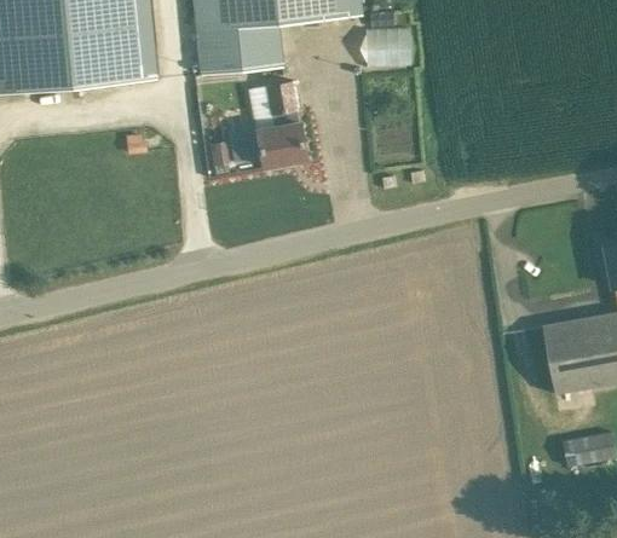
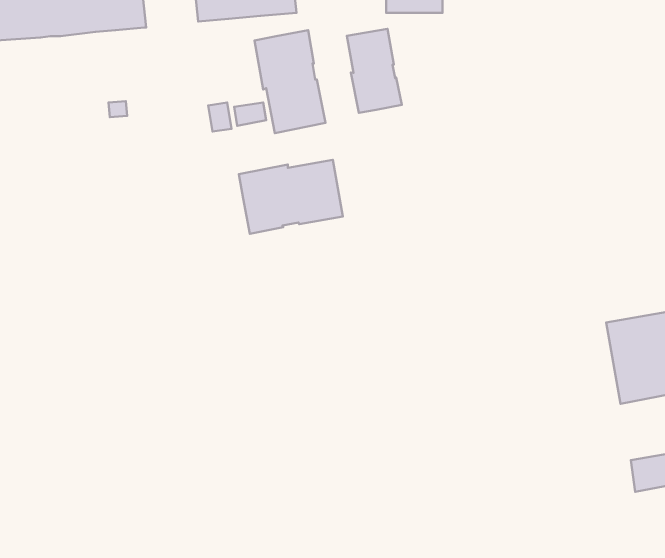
building: none -> [347,29,402,113]
building: none -> [239,160,343,234]

